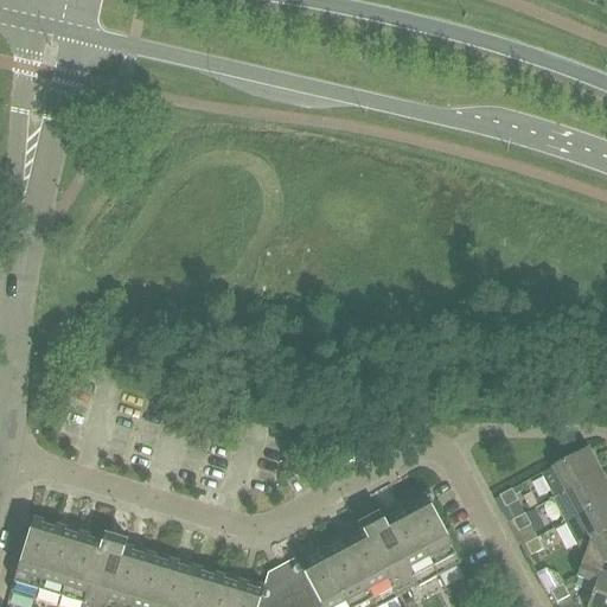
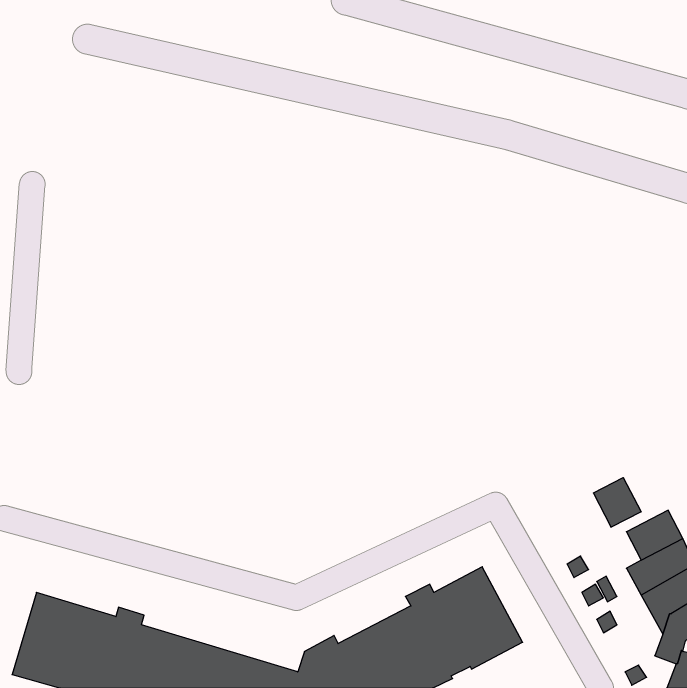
building: none -> [593,478,641,527]

